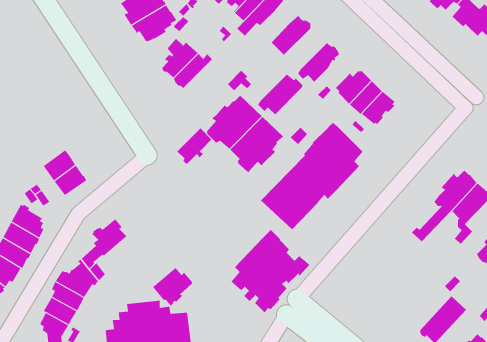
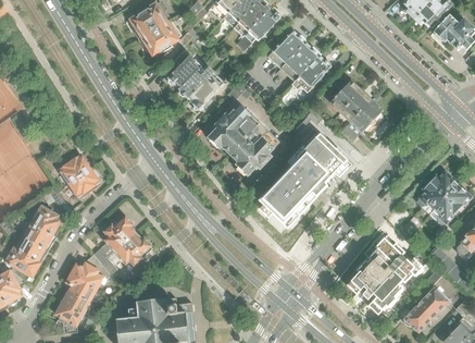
building: [257,74,304,115] -> [277,42,320,81]
building: [177,128,212,164] -> [187,76,220,110]
building: [230,229,310,314] -> [350,233,423,310]
building: [152,267,194,306] -> [114,233,152,269]

